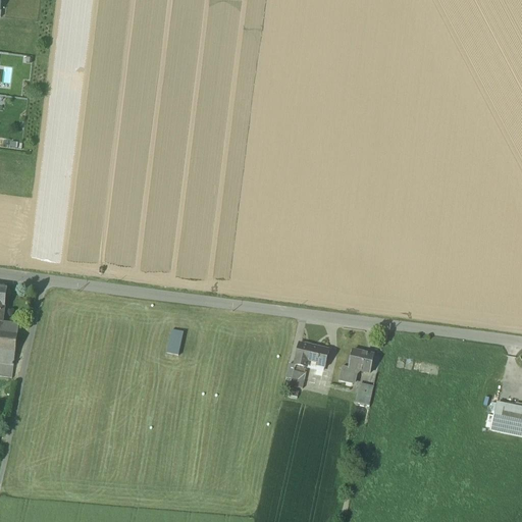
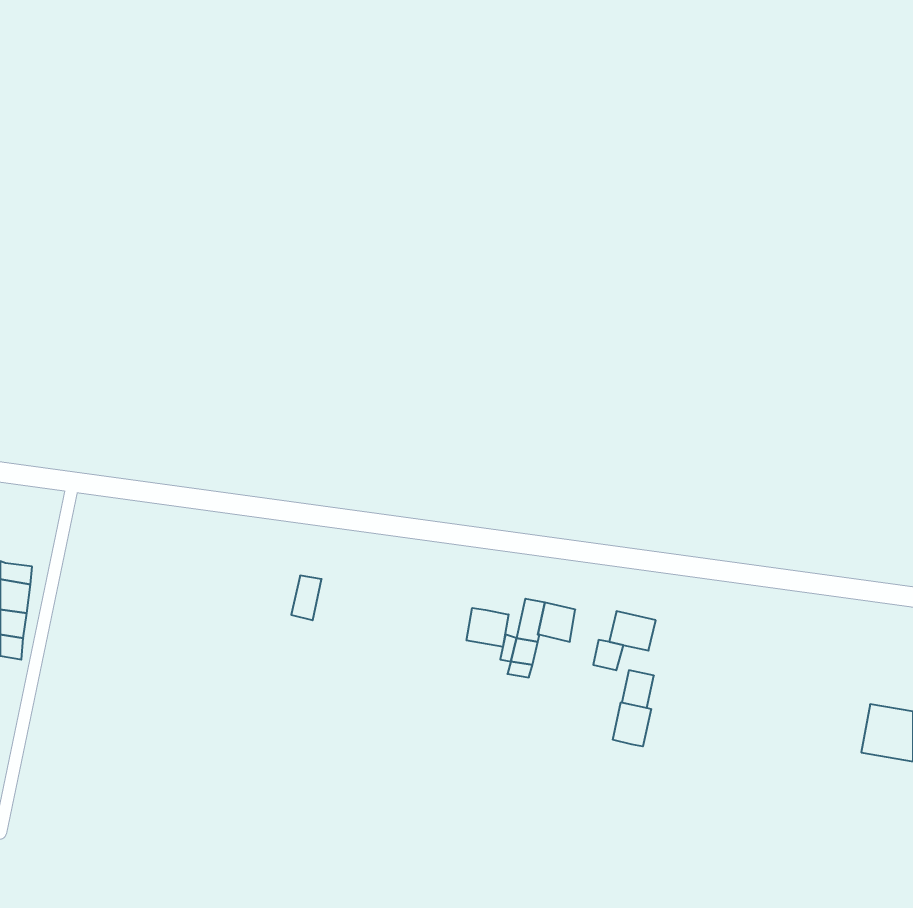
building: none -> [467,608,509,647]
building: none -> [613,702,651,746]

